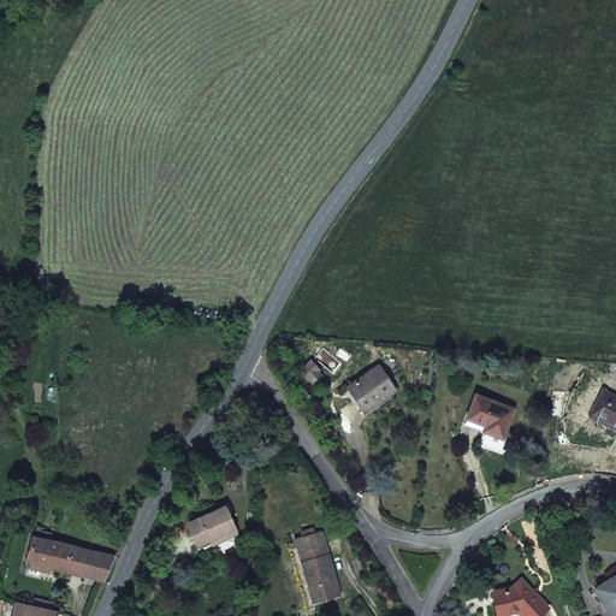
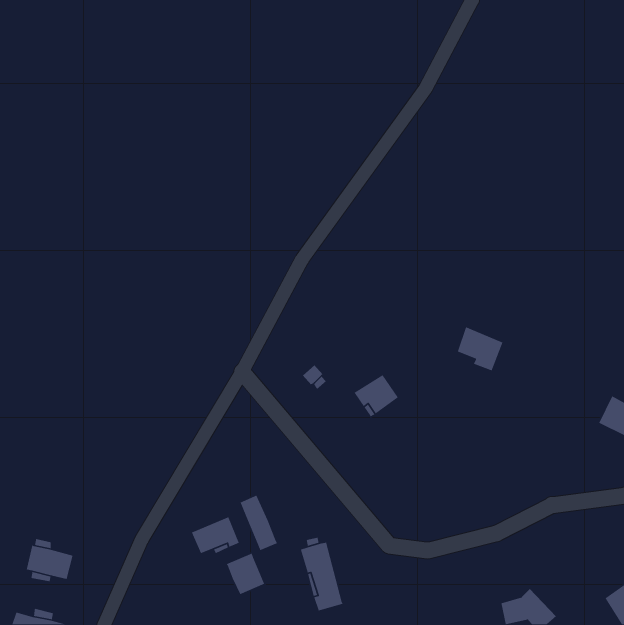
building: [468,393,514,438] -> [457,326,503,371]
building: none -> [239,494,278,551]
building: none -> [225,553,265,595]
building: [67,546,114,579] -> none

